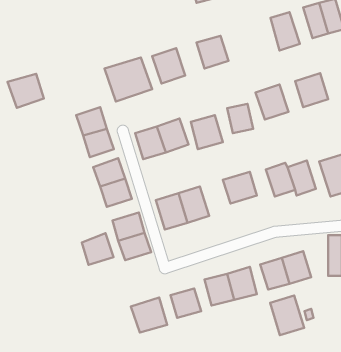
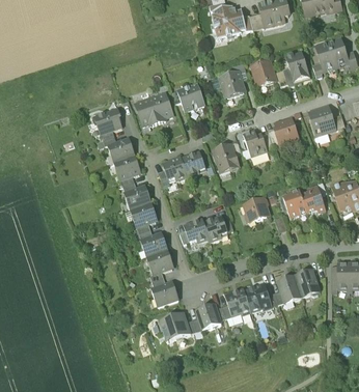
building: none -> [249,58,277,88]
building: [8,74,44,108] -> [90,103,123,134]
building: [82,233,114,265] -> [149,278,178,307]
building: [270,295,304,335] -> none

